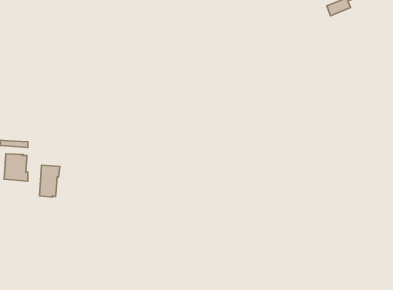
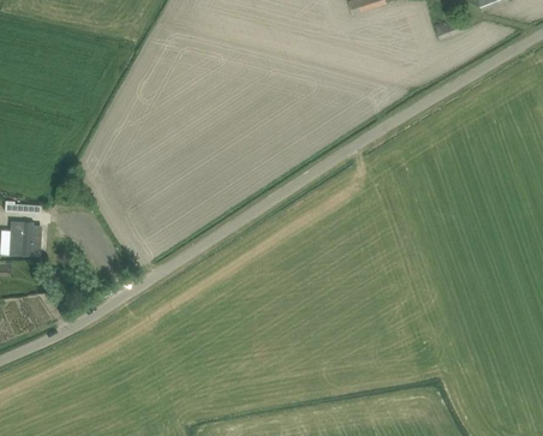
building: [39,165,60,197] -> none

